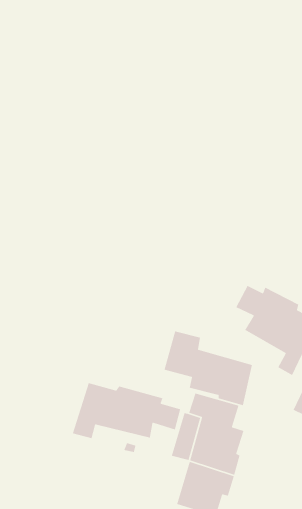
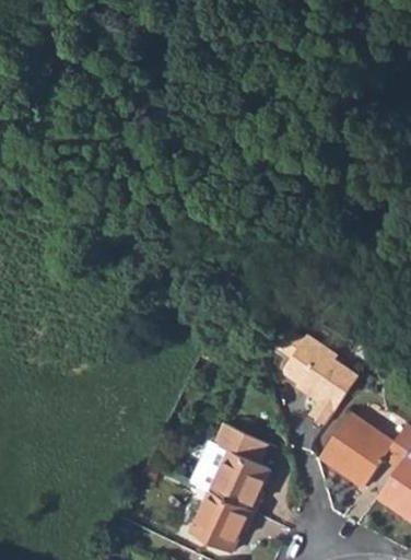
building: [164,331,253,406] -> none
building: [72,382,181,439] -> none

